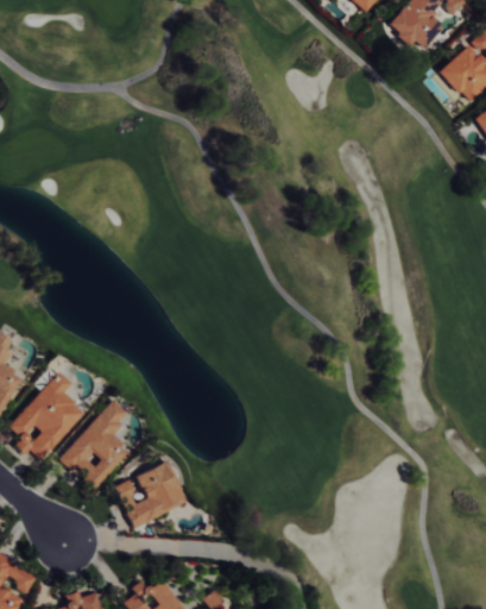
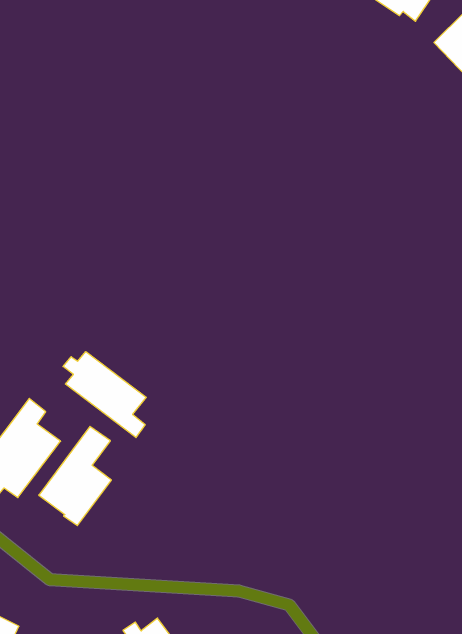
building: none -> [63,352,146,438]
building: [114,460,183,526] -> none

